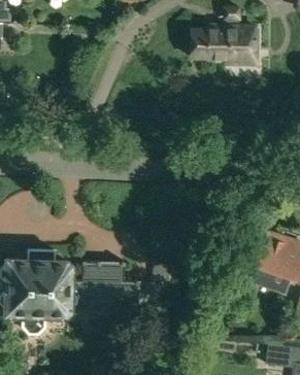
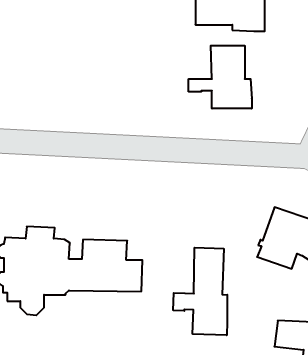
building: none -> [189,46,252,109]
building: none -> [173,248,227,335]

